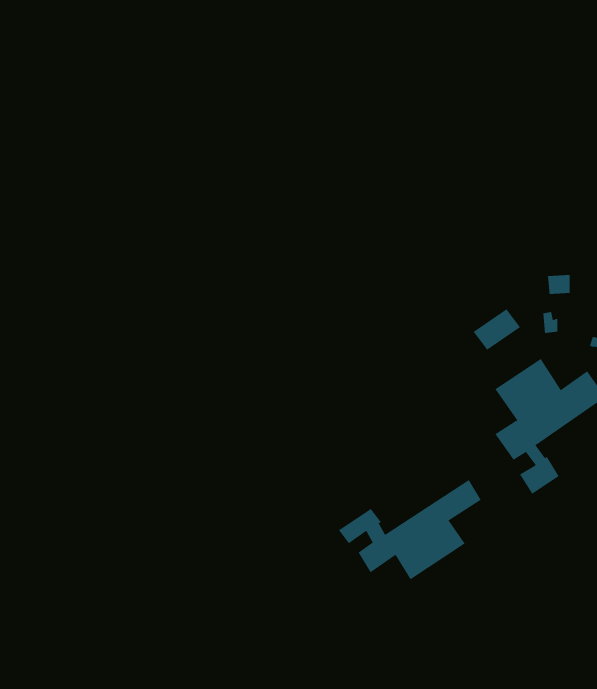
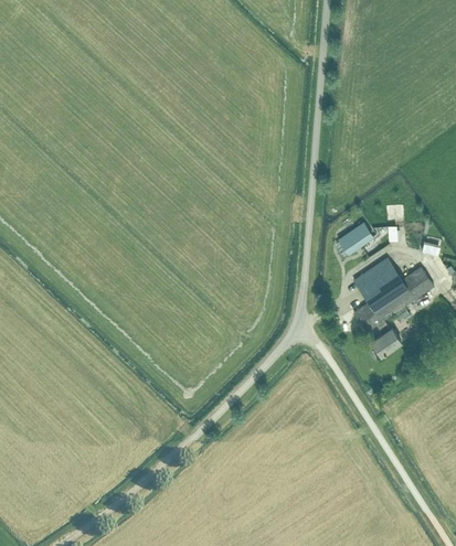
building: [338,479,481,580] -> none

